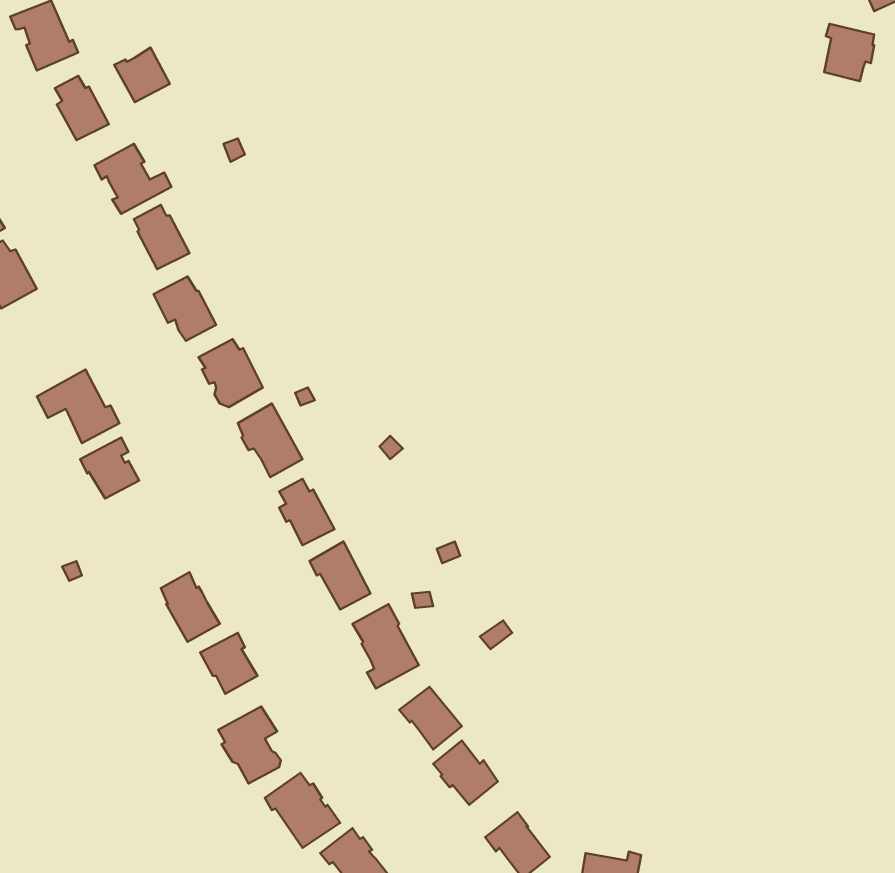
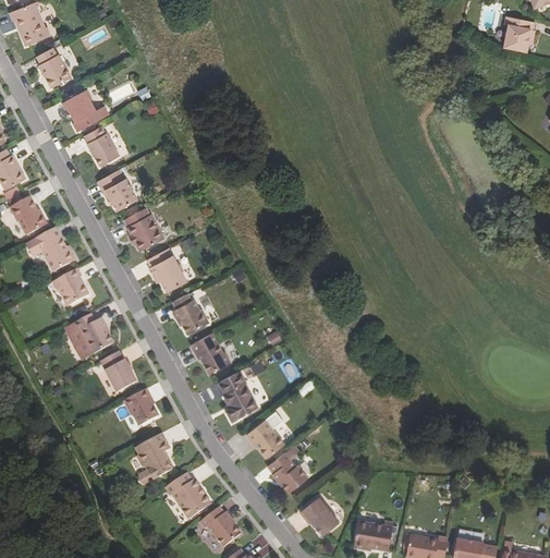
building: [114,48,170,102] -> none
building: none -> [9,196,47,235]
building: none -> [64,313,113,359]

